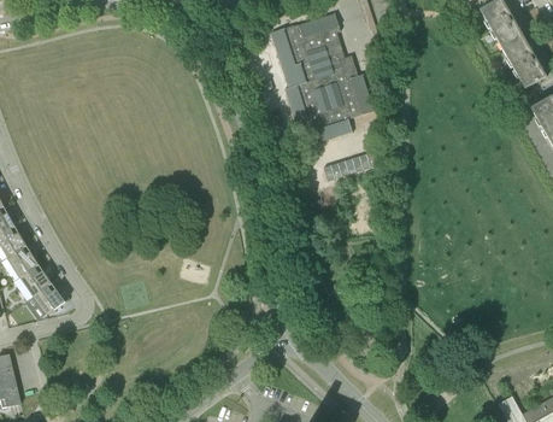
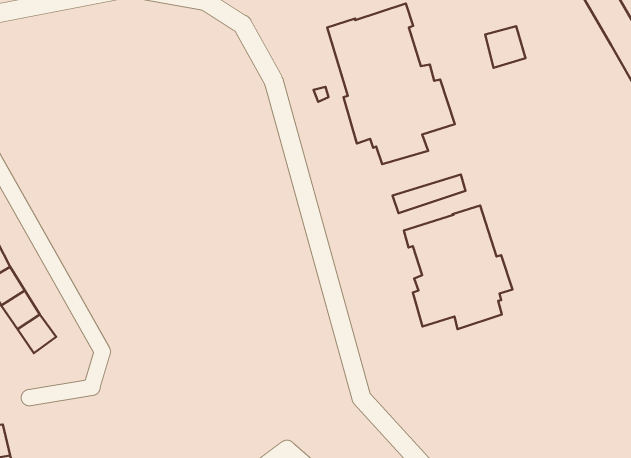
building: none -> [485,26,526,68]
building: none -> [404,205,513,329]
building: [31,281,63,312] -> none

